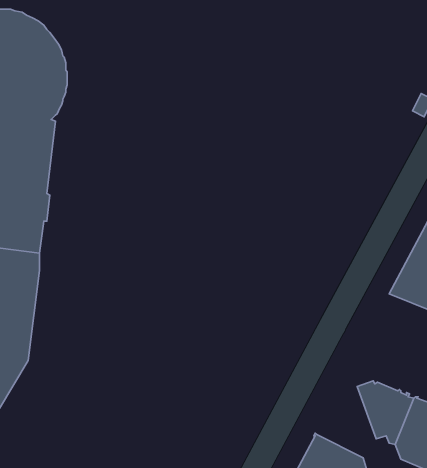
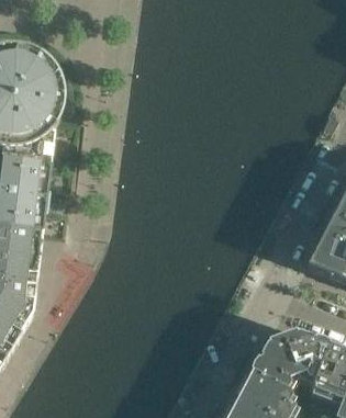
building: none -> [248,332,295,386]

